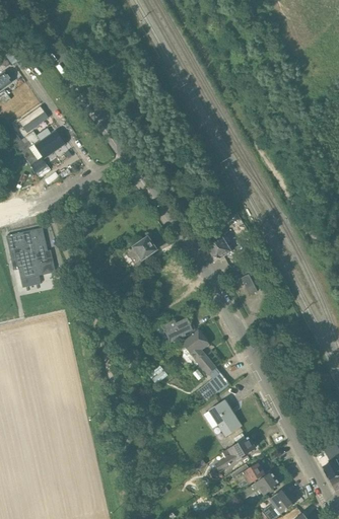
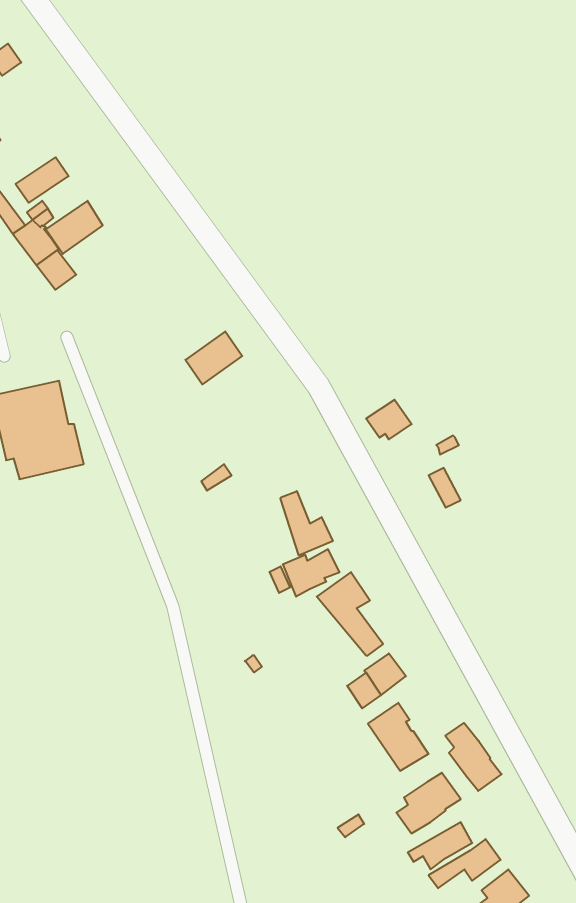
building: [126,235,156,264] -> [185,331,242,384]
building: none -> [280,491,333,555]
building: none -> [445,723,502,791]

